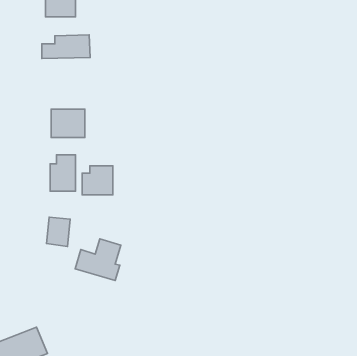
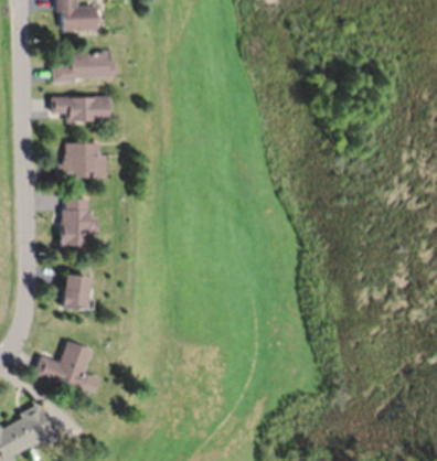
building: none -> [53,97,110,122]
building: [82,166,113,195] -> none
building: [75,239,121,281] -> [36,343,92,394]

